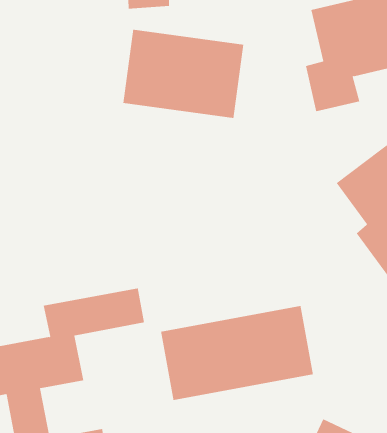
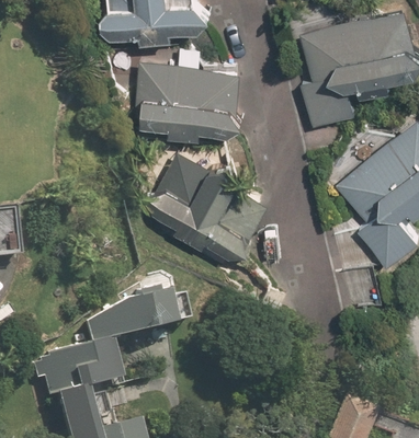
building: none -> [151,151,272,258]
building: [160,305,314,401] -> none

